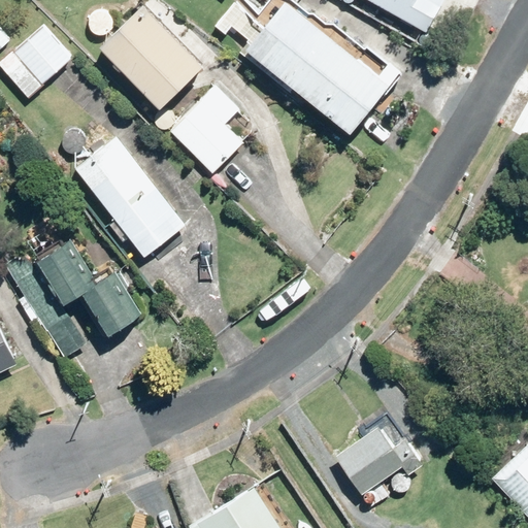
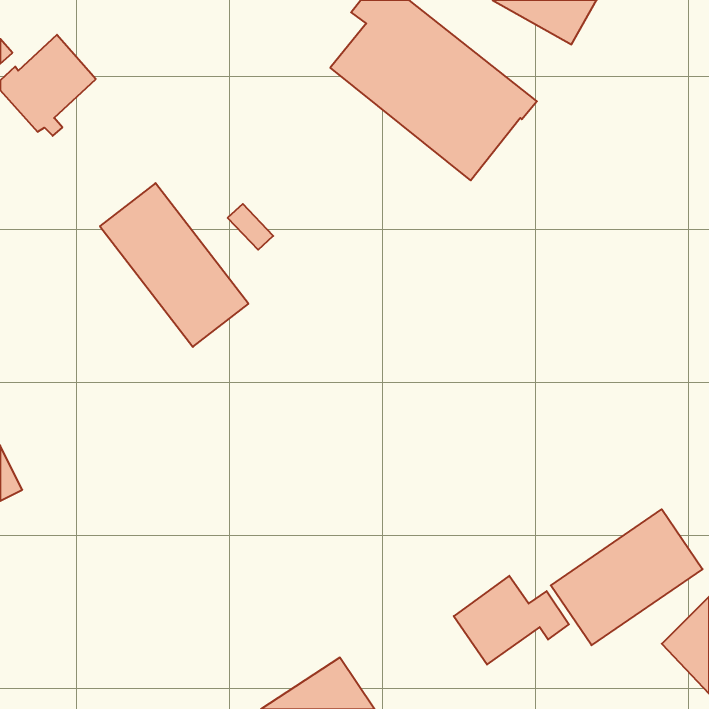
building: [99,7,201,109] -> none
building: [169,85,243,173] -> none
building: [4,241,141,358] -> none
building: none -> [551,509,703,645]

